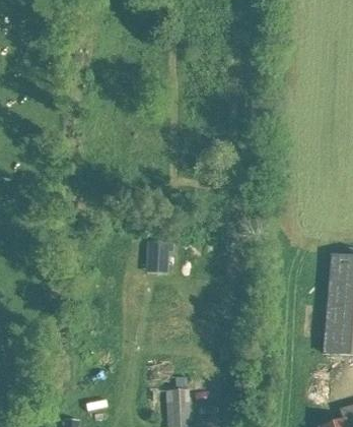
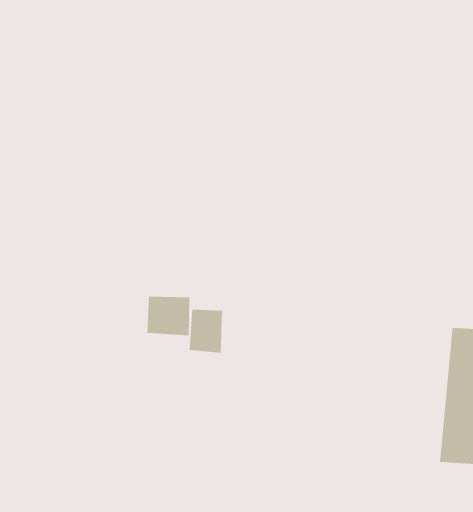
building: none -> [147,296,190,336]

